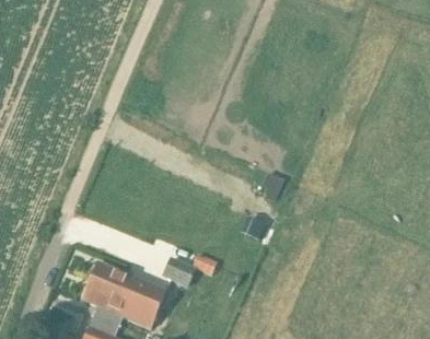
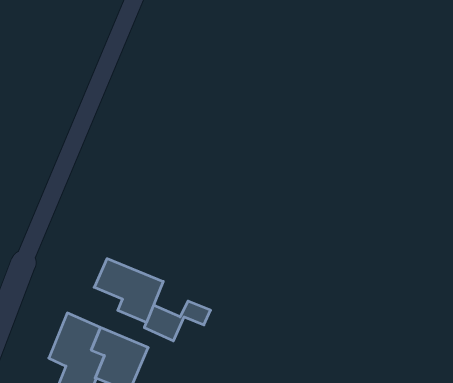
building: none -> [94,259,163,322]

